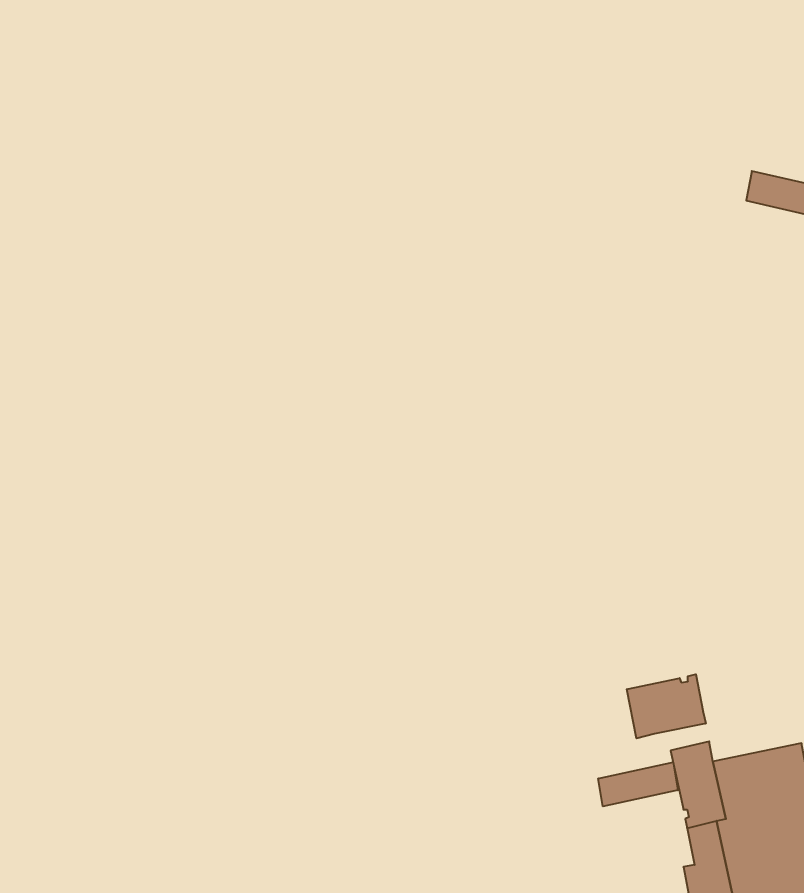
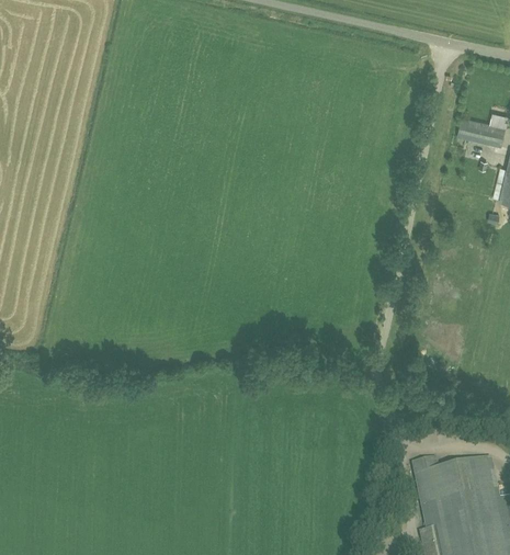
building: [627,674,706,738] -> none
building: [598,762,678,806] -> none

